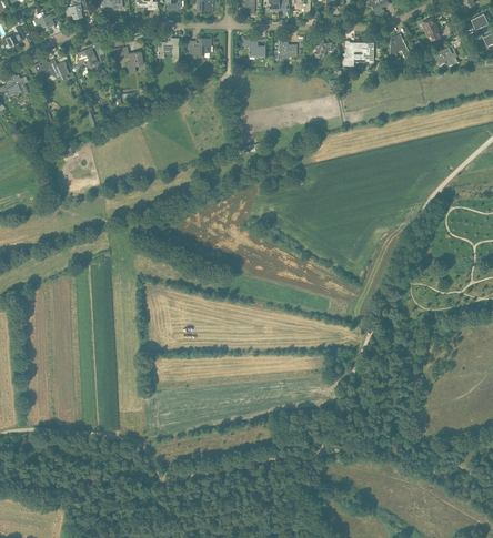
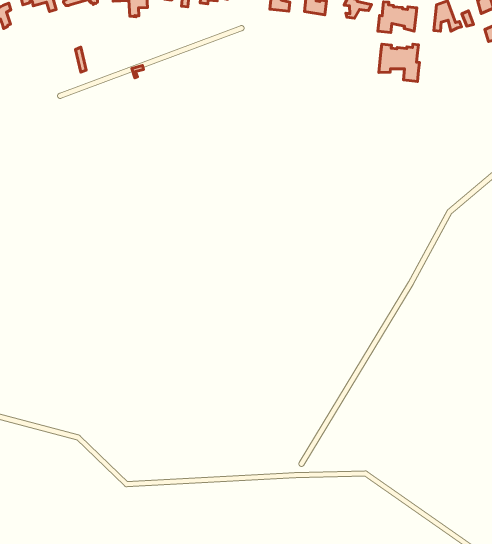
building: none -> [379,44,419,81]

